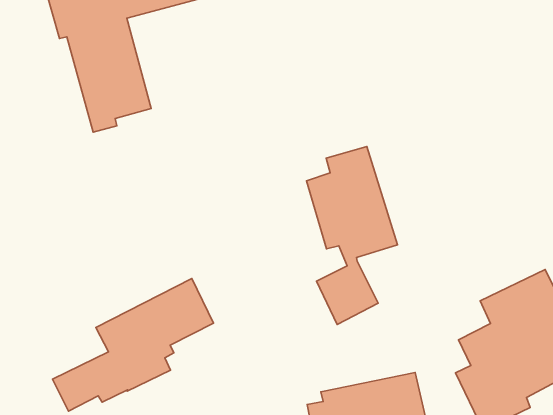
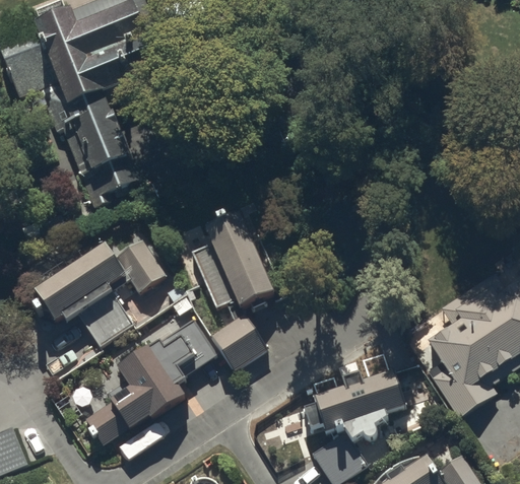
building: [306,147,397,324] -> [191,215,275,369]
building: none -> [35,237,165,344]

